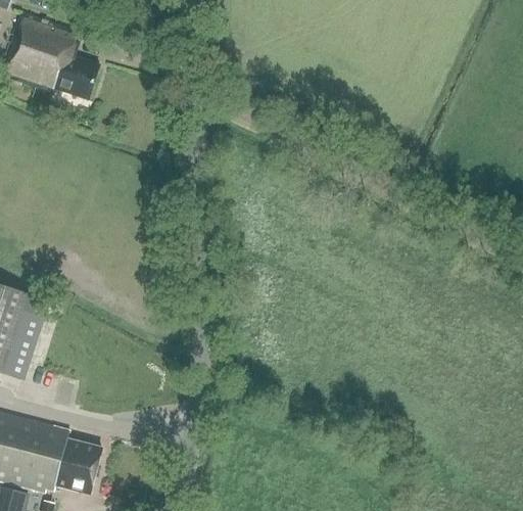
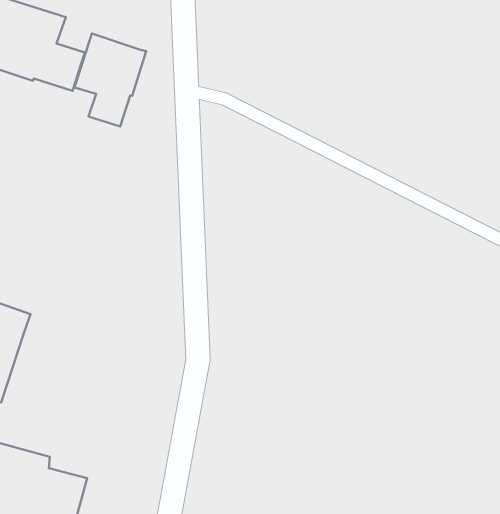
building: none -> [74,33,146,127]

